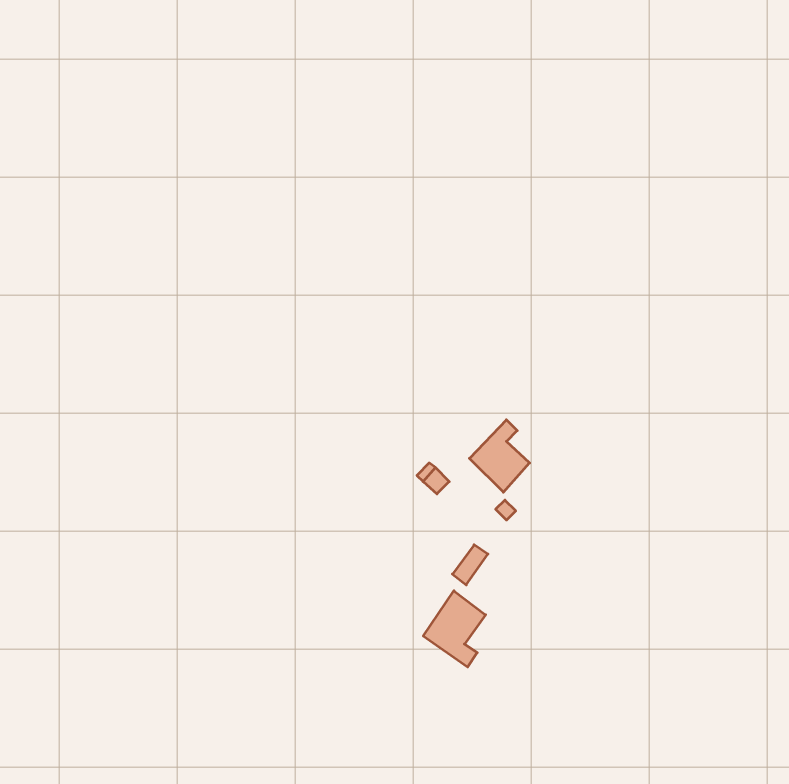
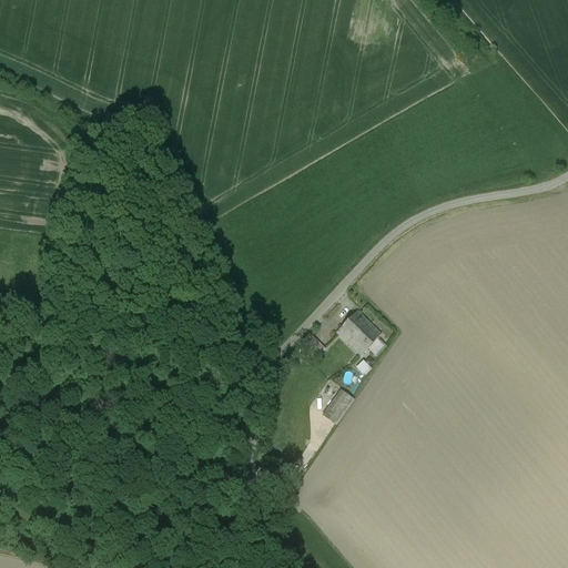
building: [423,591,486,667] -> none

